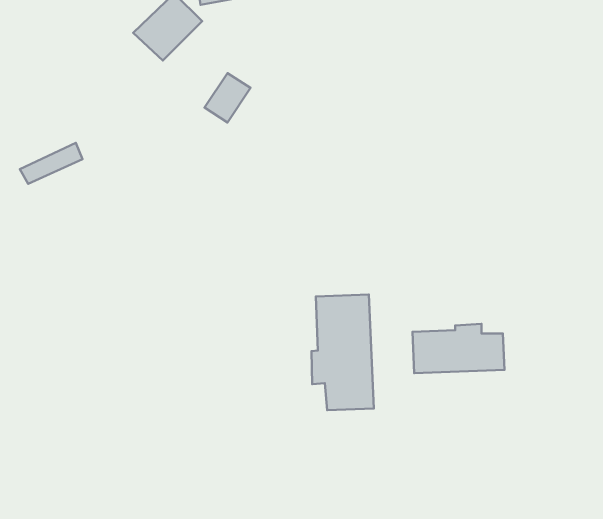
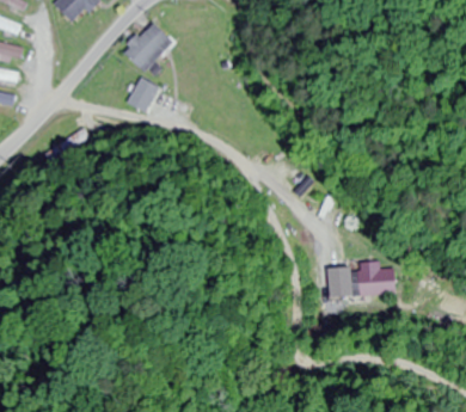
building: [205,73,251,122] -> [124,76,158,112]
building: [312,294,374,410] -> none

